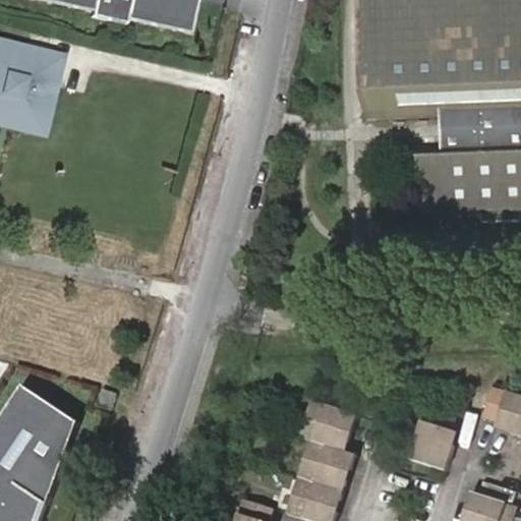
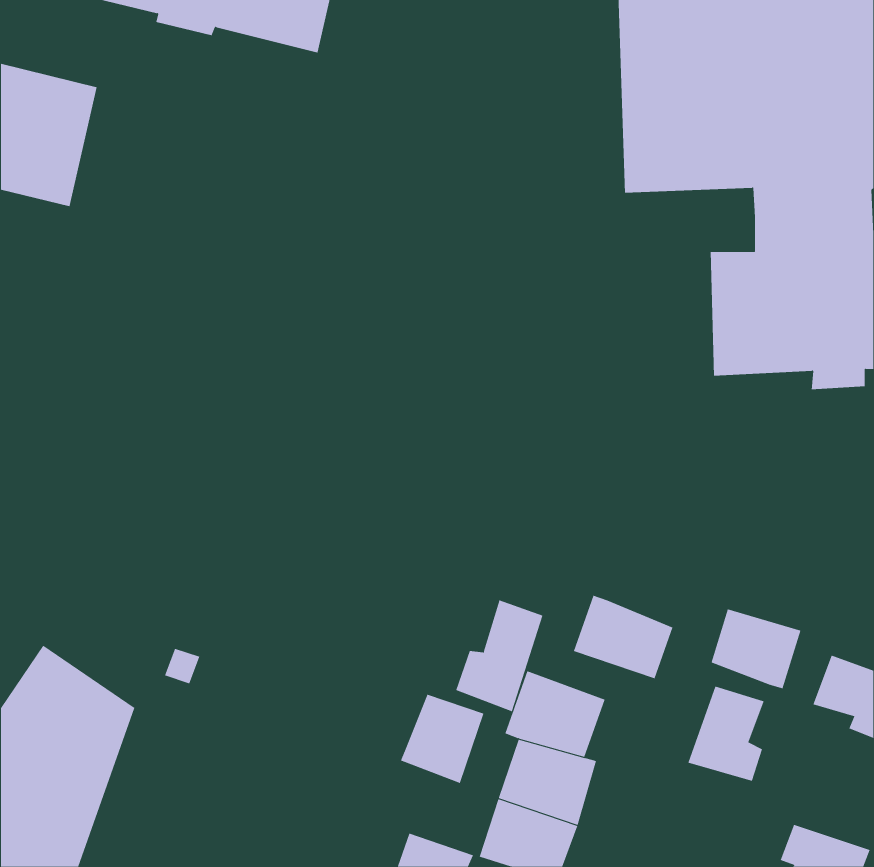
building: none -> [573,595,673,679]
building: none -> [455,600,543,712]
building: none -> [711,609,801,689]
building: none -> [400,694,484,784]

